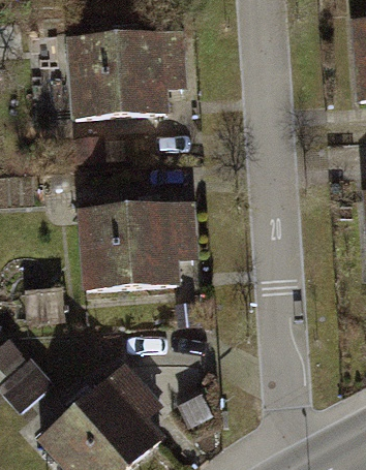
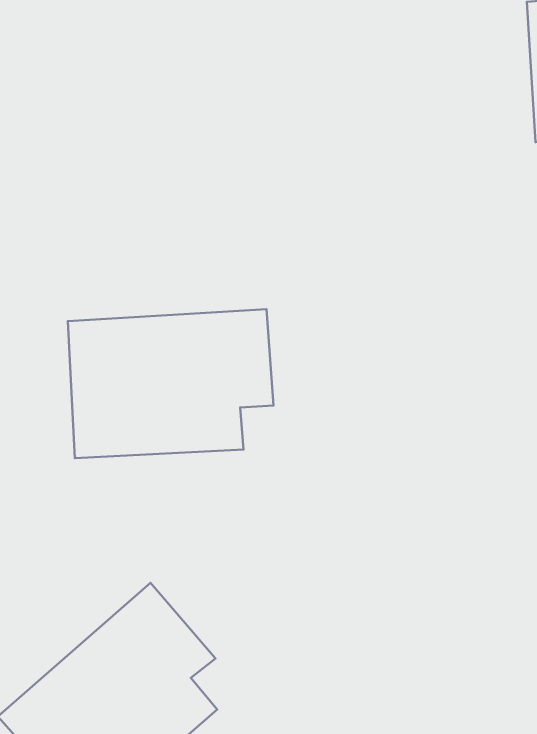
building: [65,29,186,119] -> none

